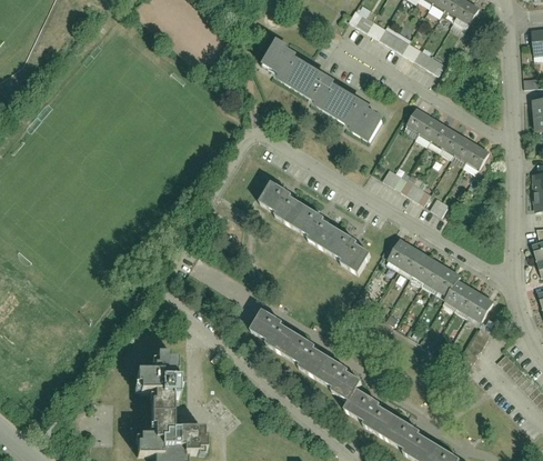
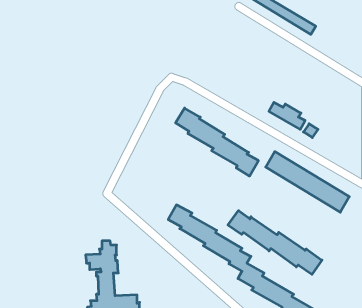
building: [259,40,384,141] -> none
building: [398,102,489,168] -> none
building: none -> [228,211,322,274]

